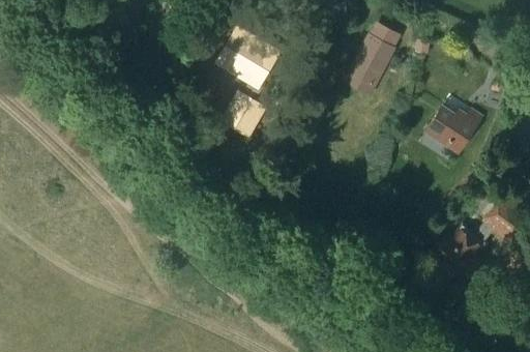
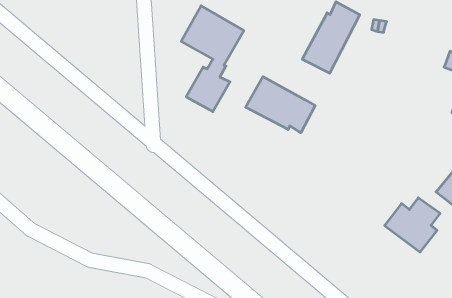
building: none -> [246,77,315,133]
building: [423,102,480,154] -> none

